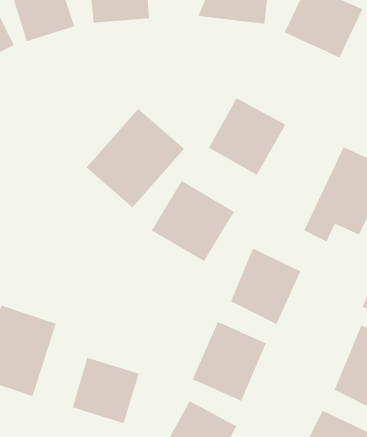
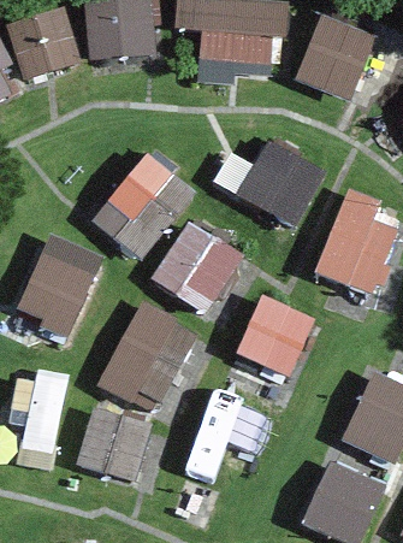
building: none -> [7,242,96,341]
building: none -> [96,306,195,414]

